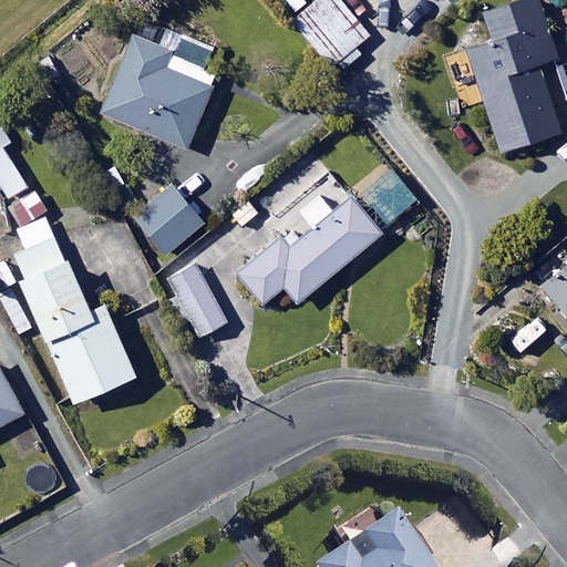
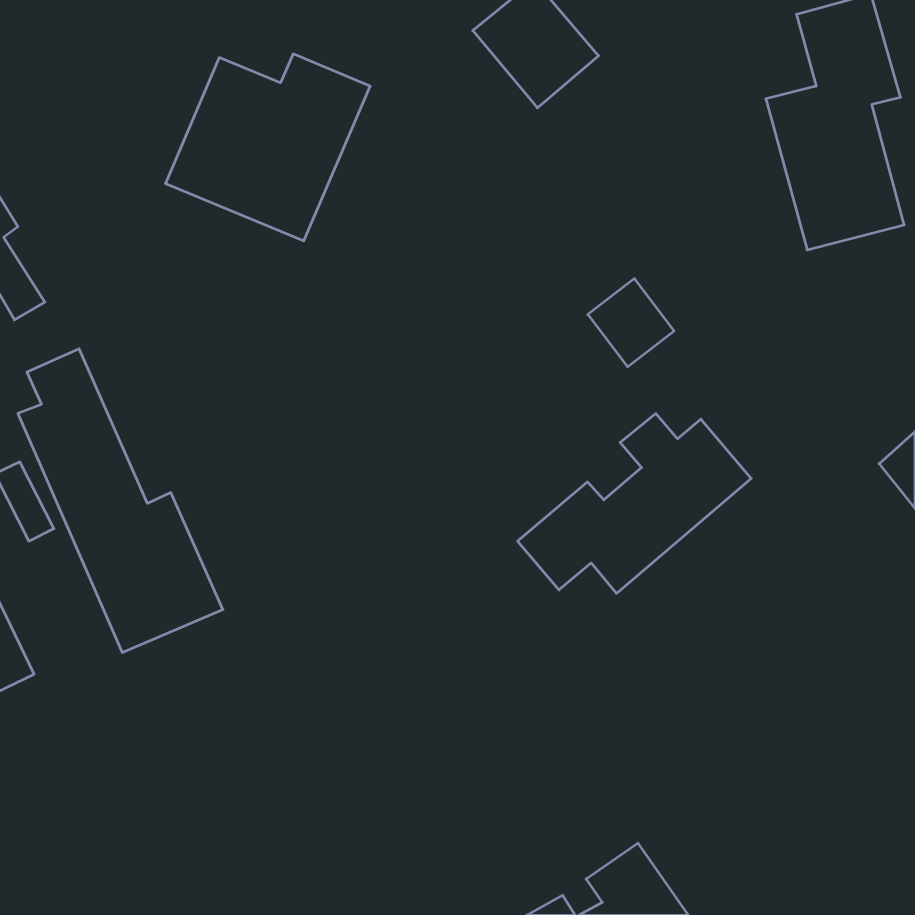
building: [132,181,205,255] -> none
building: [237,194,381,305] -> [518,414,751,593]
building: [162,259,227,339] -> none

